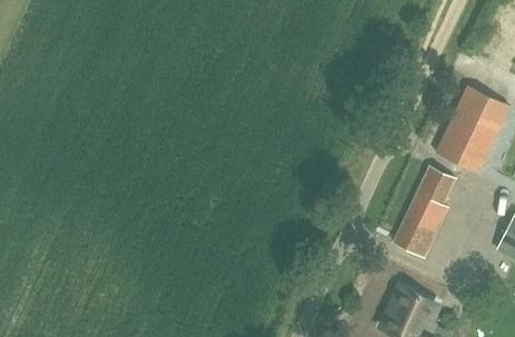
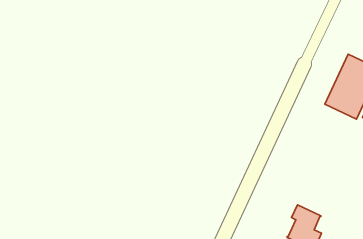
building: [394,166,456,256] -> none

